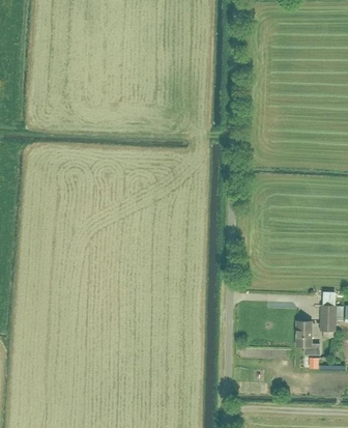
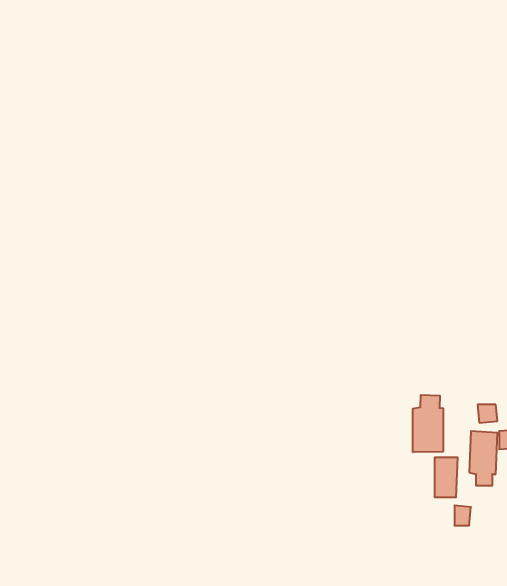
building: none -> [413,395,443,452]

